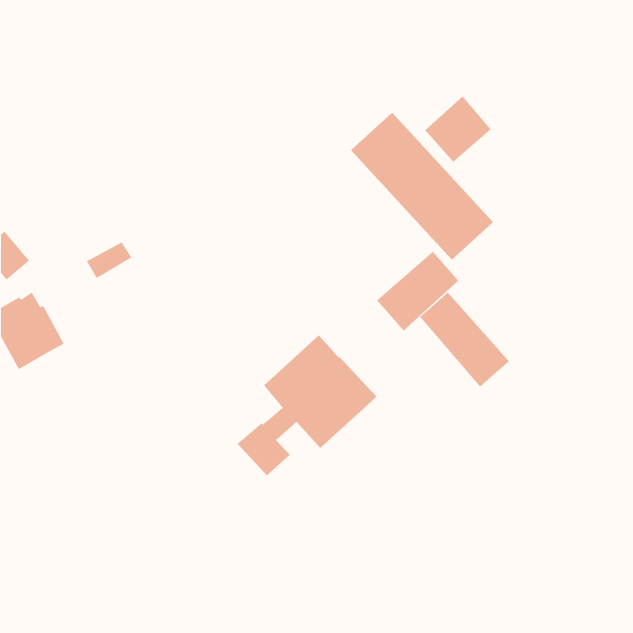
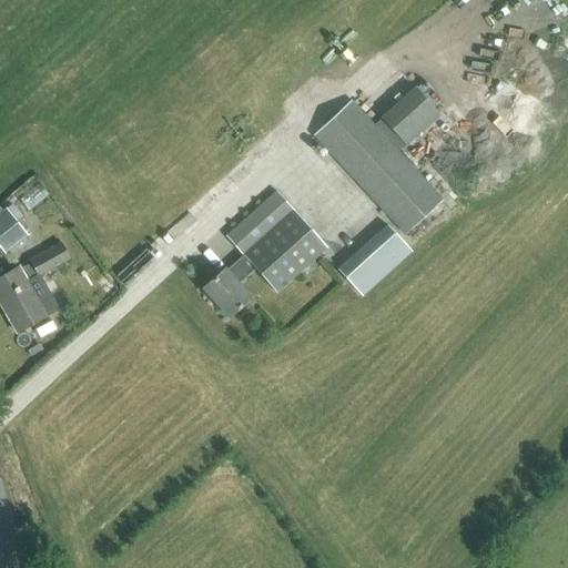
building: [86,241,132,279] -> [29,241,70,274]
building: [420,292,510,388] -> none
building: [237,335,377,476] -> [203,190,328,316]

